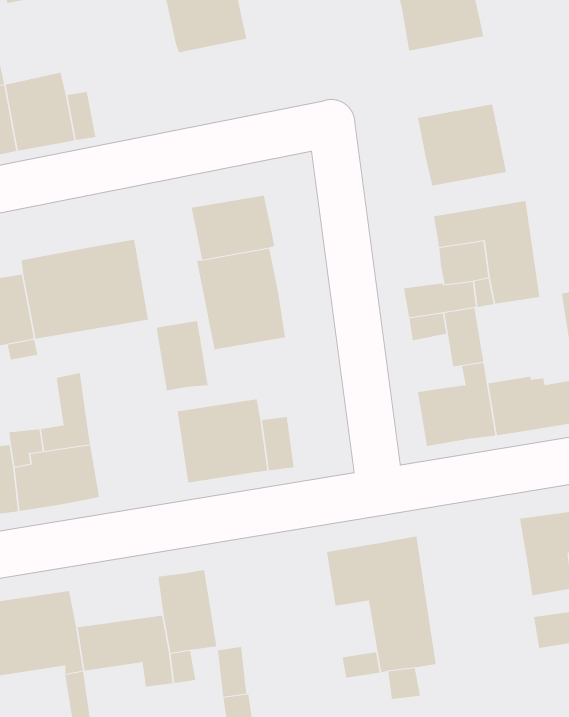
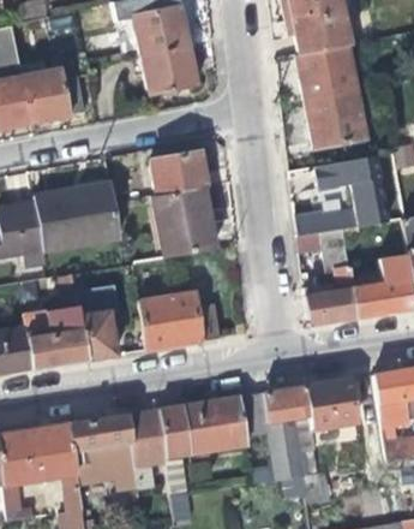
building: none -> [296,44,358,100]
building: none -> [142,46,197,94]
building: [156,320,208,391] -> [80,311,116,359]
building: none -> [305,380,354,427]
building: none -> [160,397,250,452]
building: none -> [67,414,131,448]

